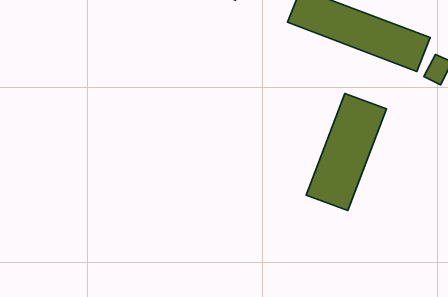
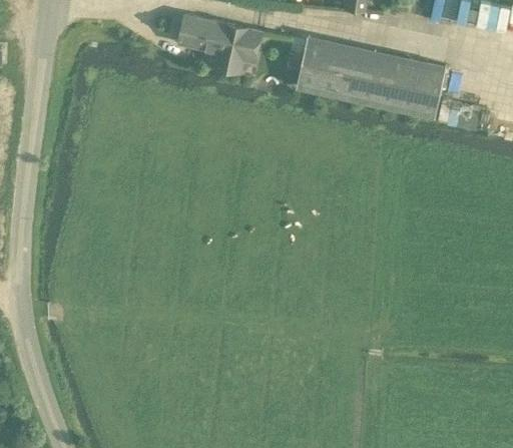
building: [306,93,386,211] -> none

